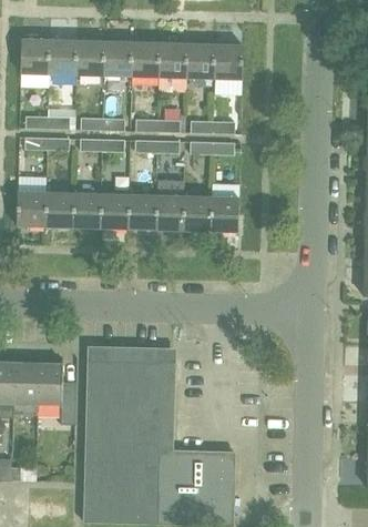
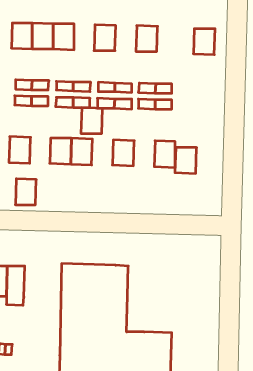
building: [103,41,131,77] -> none
building: [157,43,186,78] -> none
building: [213,44,242,79] -> [193,29,215,55]
building: [44,192,72,226] -> [15,179,36,205]
building: [126,194,155,229] -> [81,108,103,133]
building: [182,196,211,231] -> [175,148,197,173]
building: [37,363,75,424] -> none

